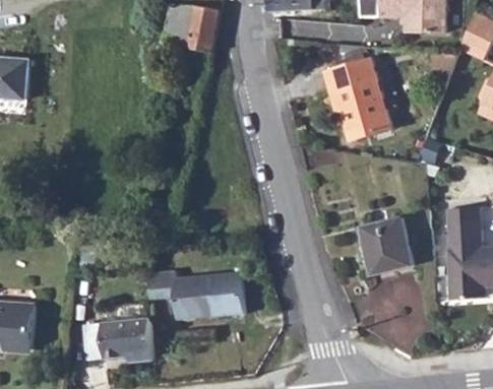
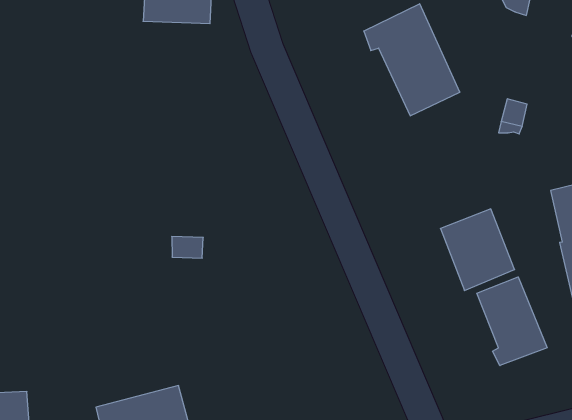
building: [147,271,244,319] -> none
building: none -> [477,277,547,366]

